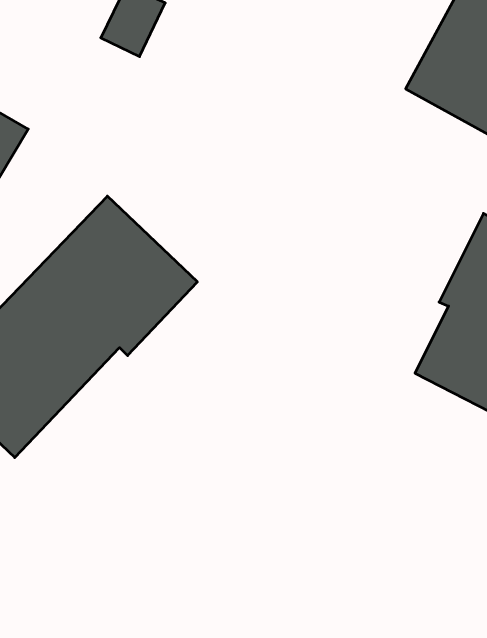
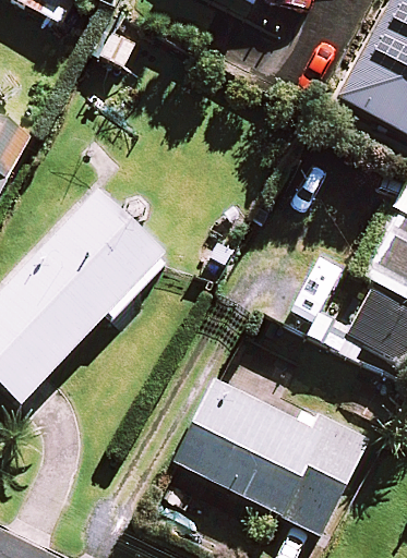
building: none -> [173,379,368,533]

